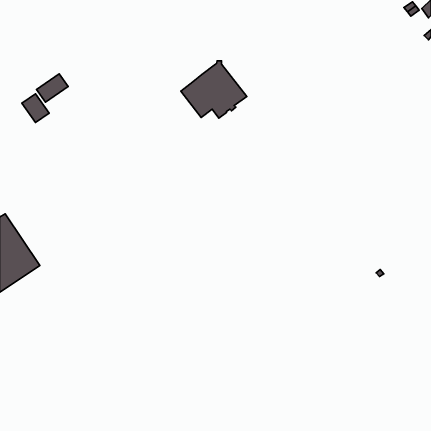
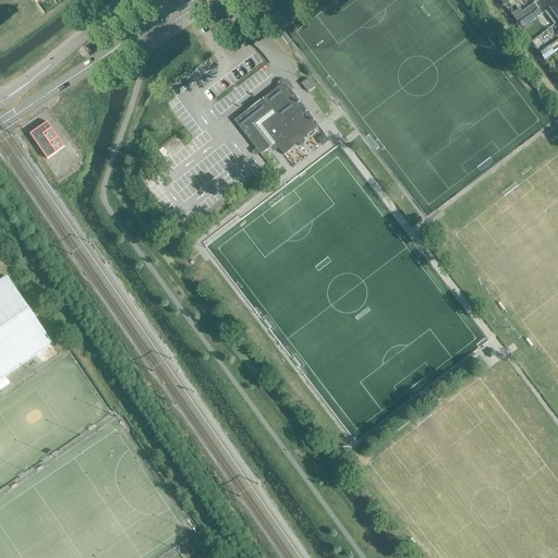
building: [36,74,68,102] -> none

